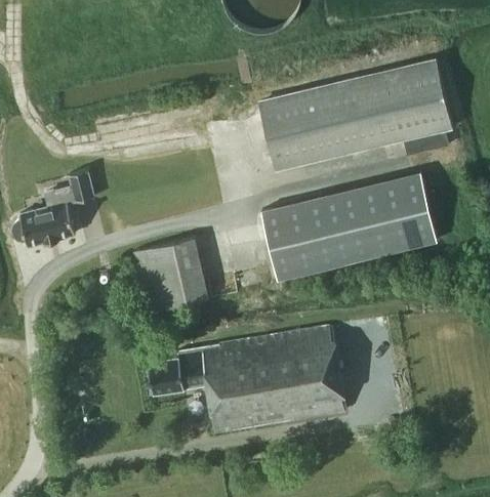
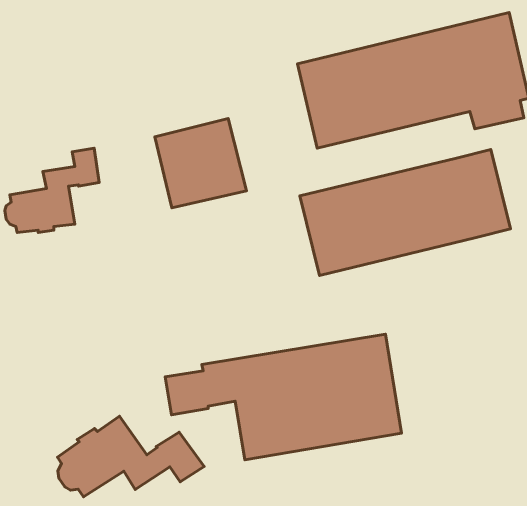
building: [132,238,209,313] -> [155,119,247,208]
building: none -> [57,416,204,497]

